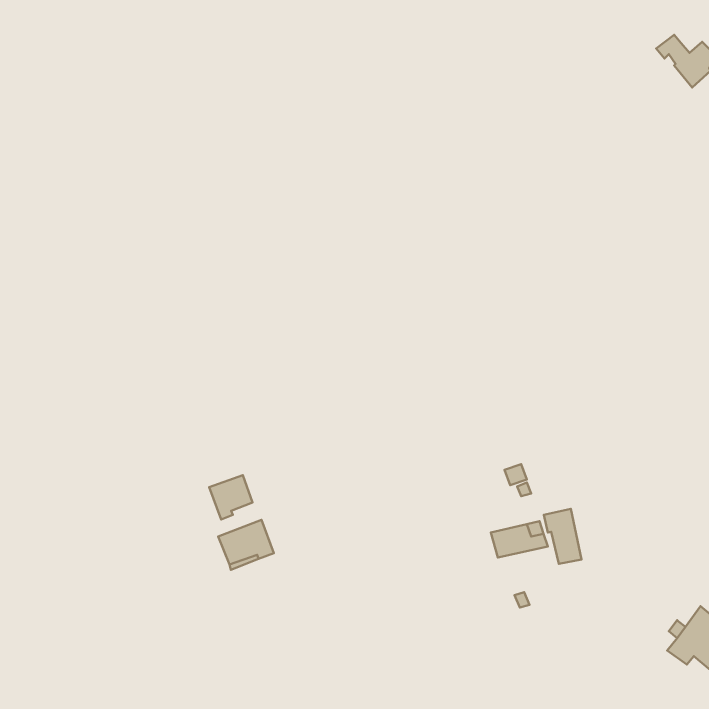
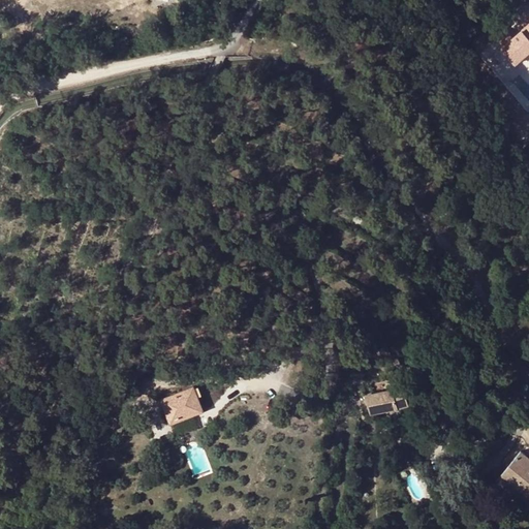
building: [209,475,252,519] -> none
building: [544,509,582,564] -> none

